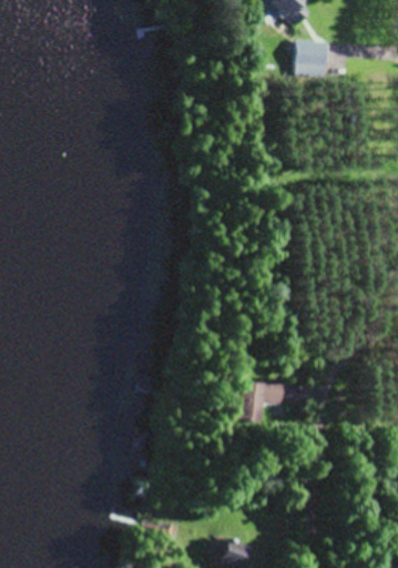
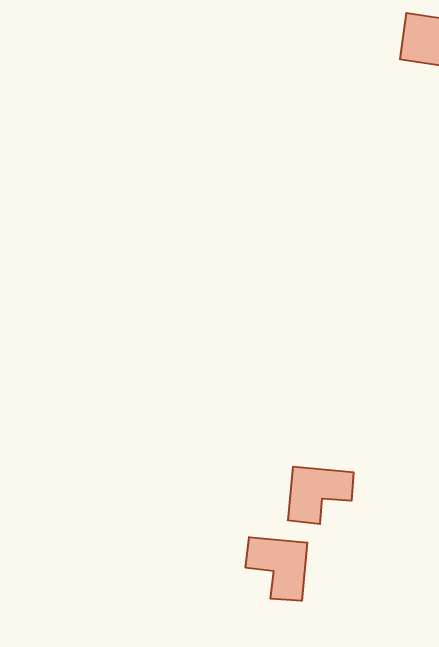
building: none -> [246,537,307,601]

